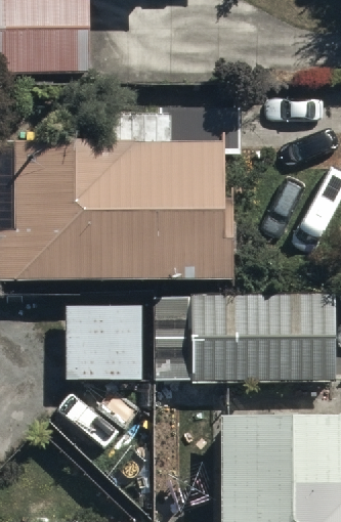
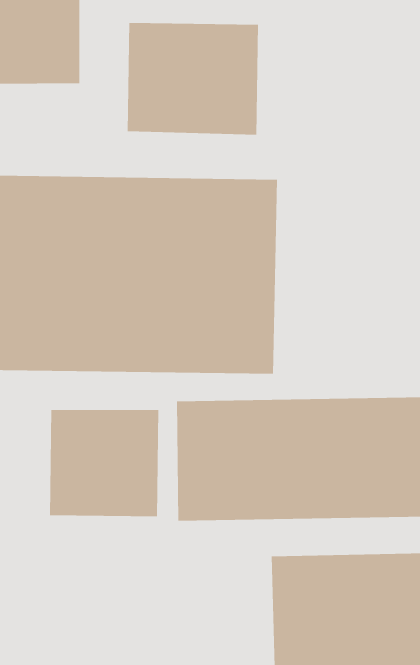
building: none -> [127,22,258,135]

